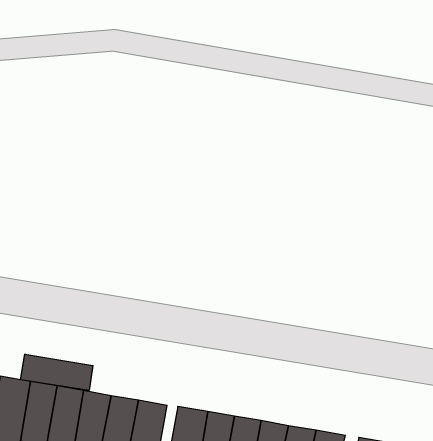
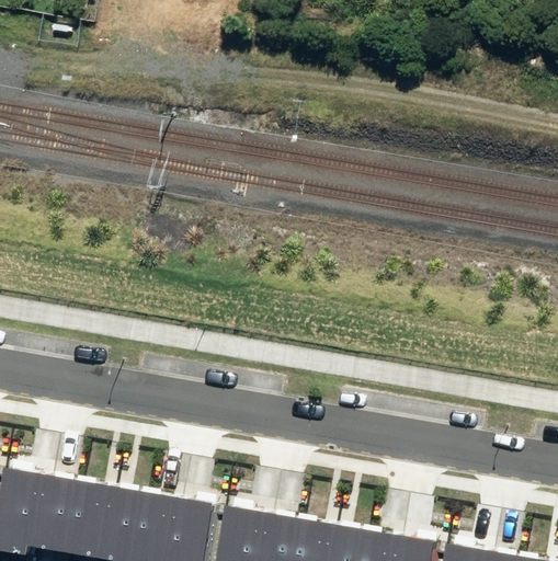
building: [21,354,93,390] -> none

